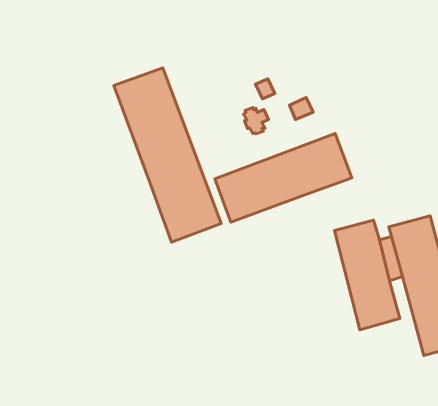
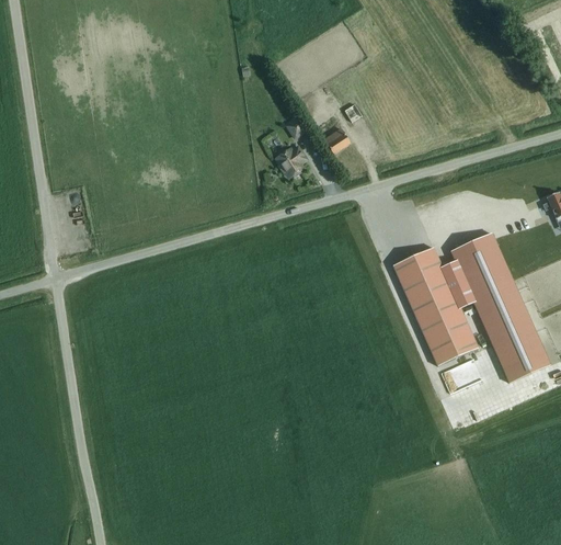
building: [114,68,221,242] -> none
building: [215,134,352,222] -> none

